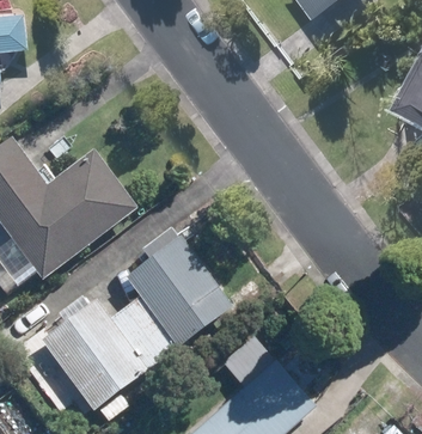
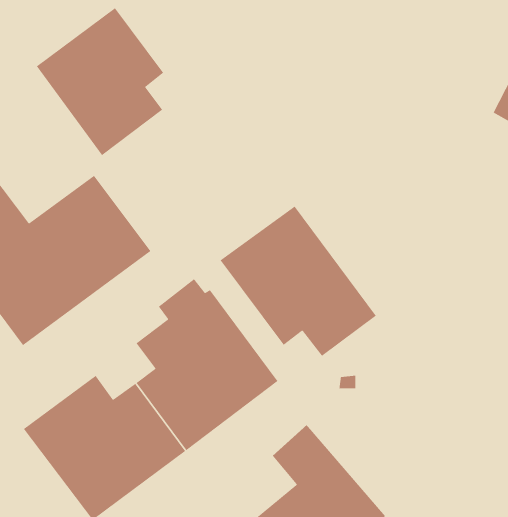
building: none -> [36,7,164,156]
building: none -> [219,206,377,357]

